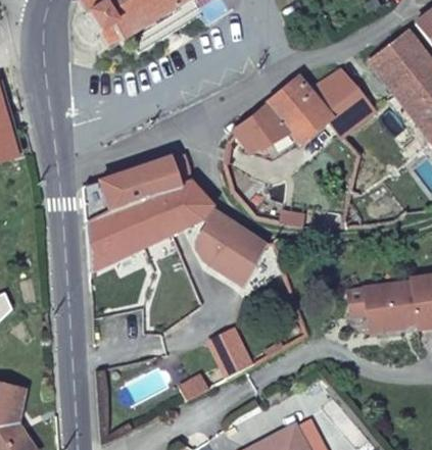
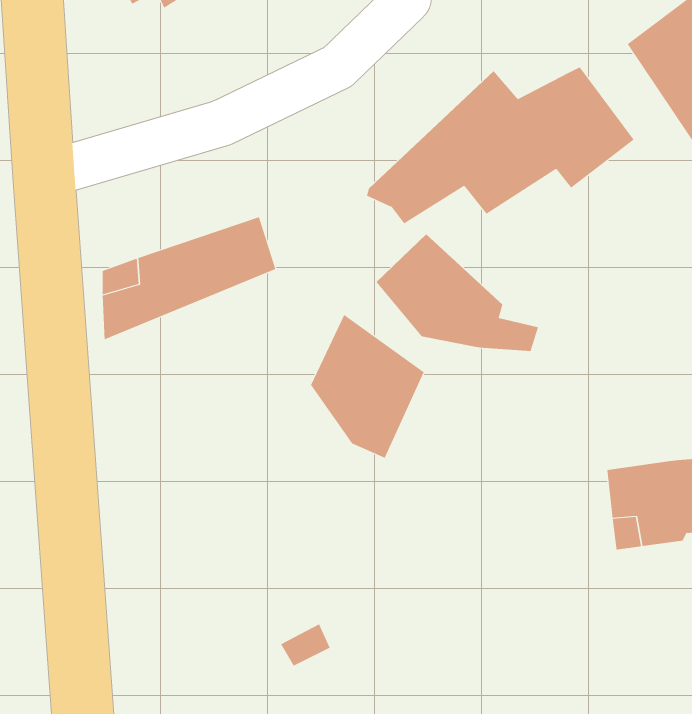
building: [87,176,215,267] -> none
building: [208,328,252,377] -> none

